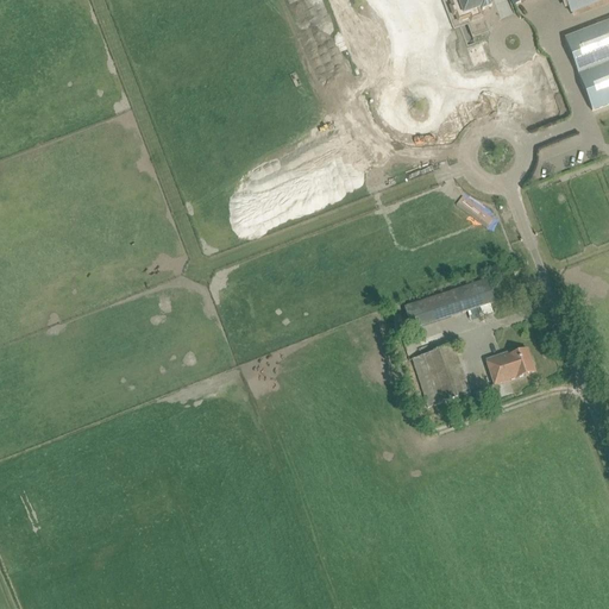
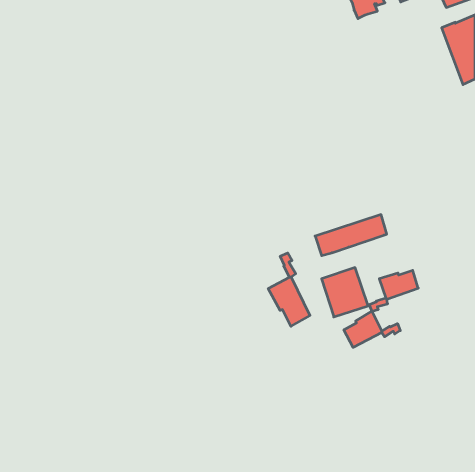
building: none -> [268,253,310,326]
building: none -> [344,311,400,347]

